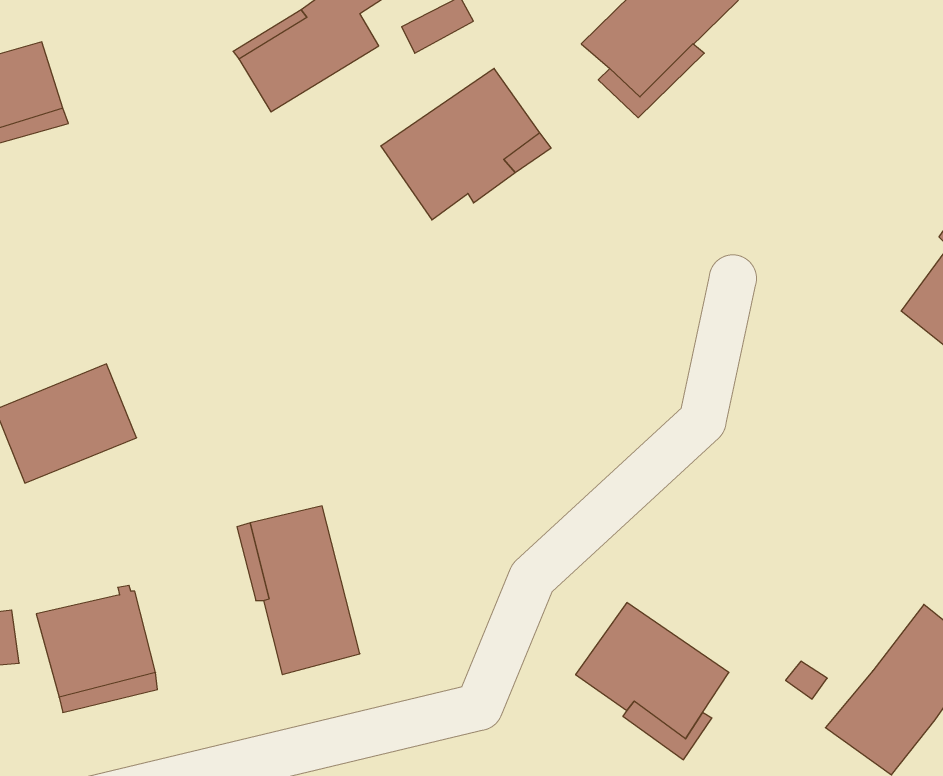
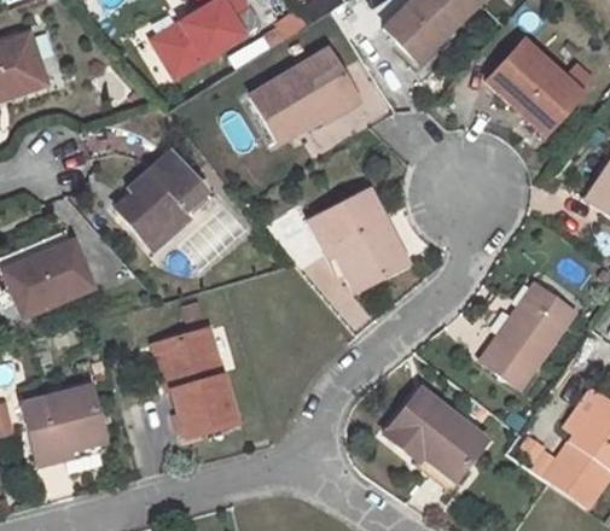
building: none -> [480,46,574,128]
building: none -> [117,148,211,244]
building: none -> [318,192,419,290]
building: none -> [470,281,564,384]

